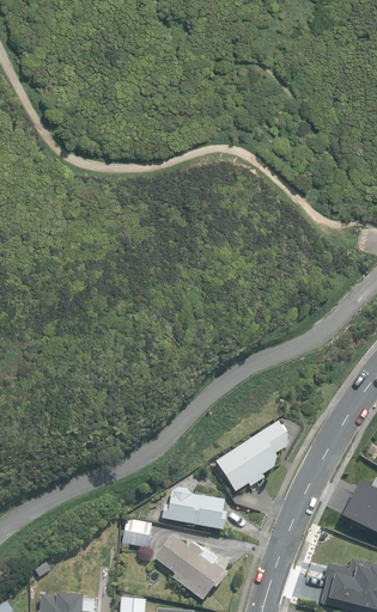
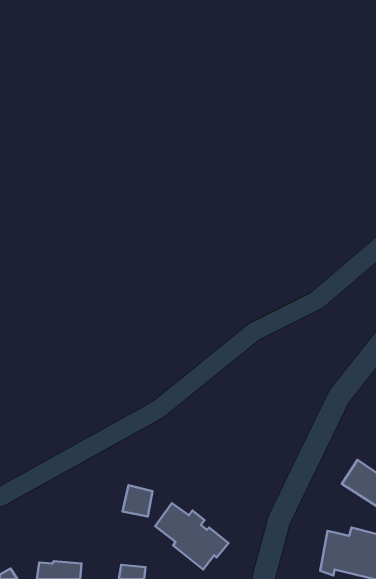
building: [217,421,288,491] -> none
building: [162,486,226,530] -> none

